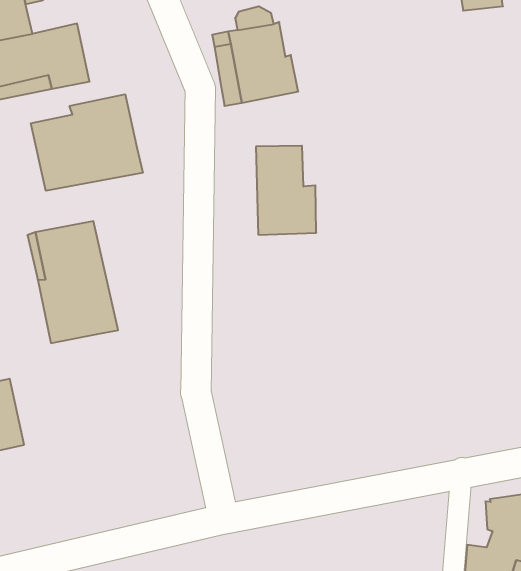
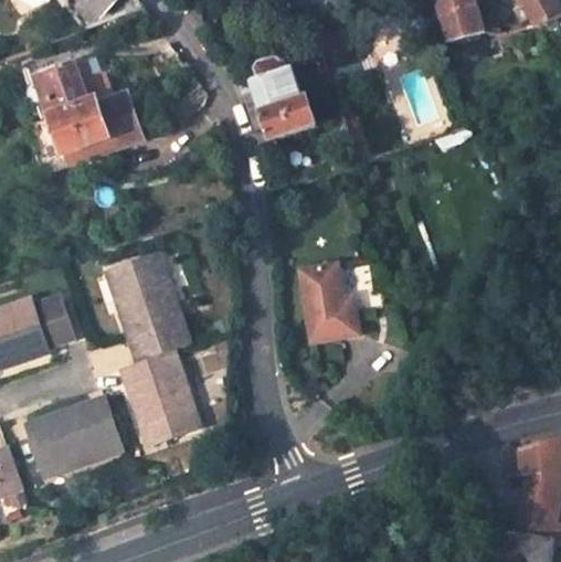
building: [31,94,143,191] -> none
building: [256,146,316,235] -> [299,263,359,342]
building: none -> [119,349,200,445]

